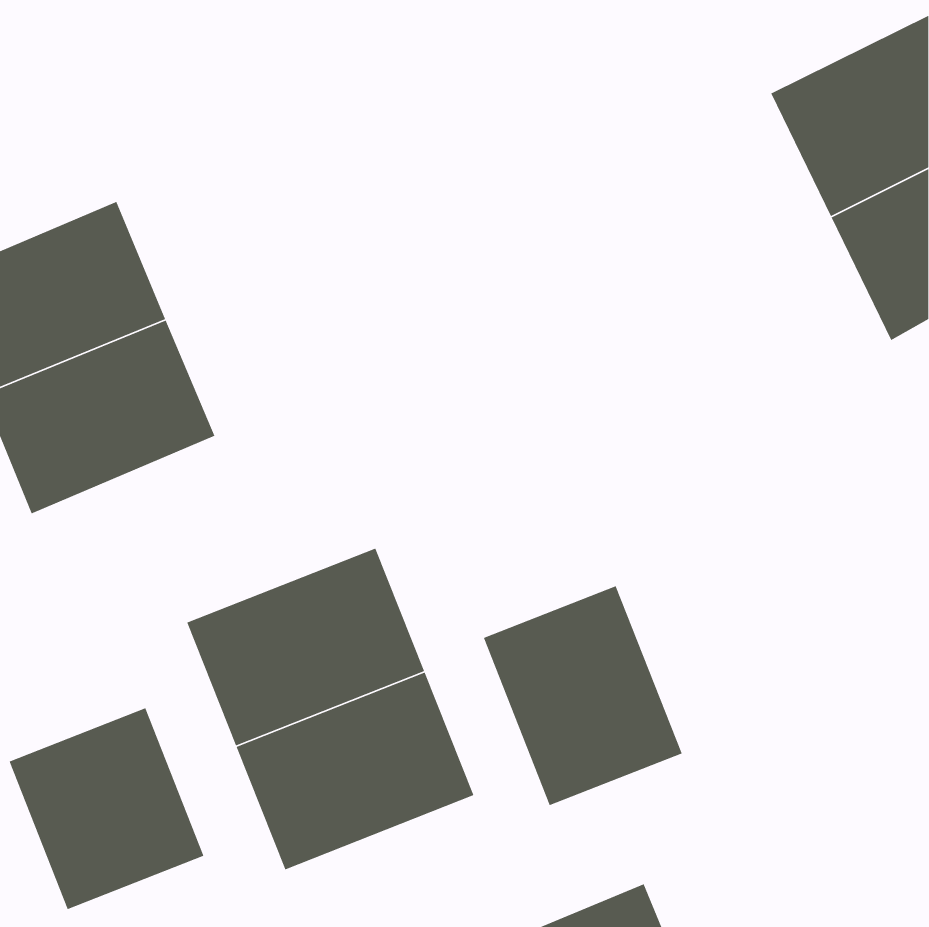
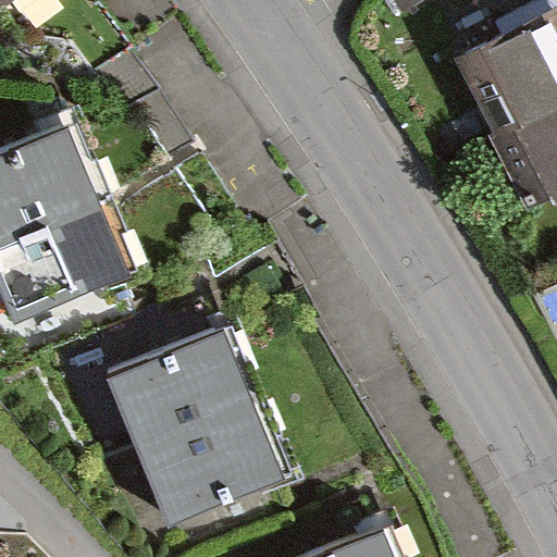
building: [483,585,683,806] -> none
building: [8,707,205,910] -> none

